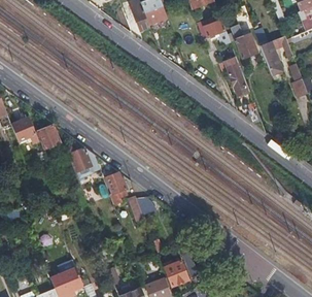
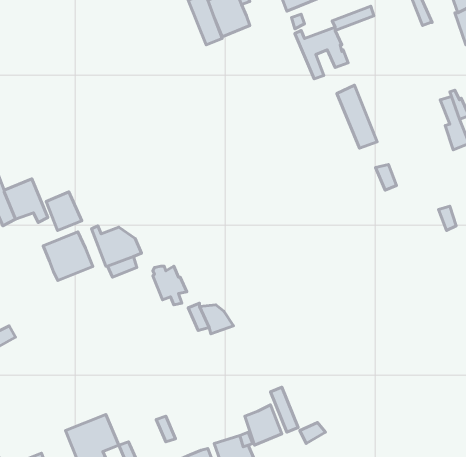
building: [231,23,257,58] -> none
building: [261,35,293,74] -> none
building: none -> [43,232,93,281]

